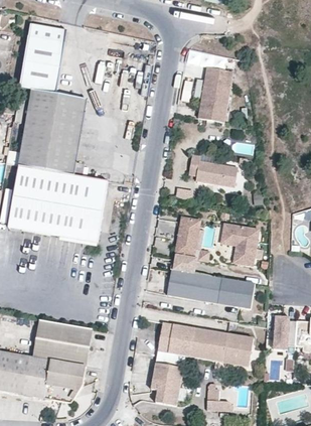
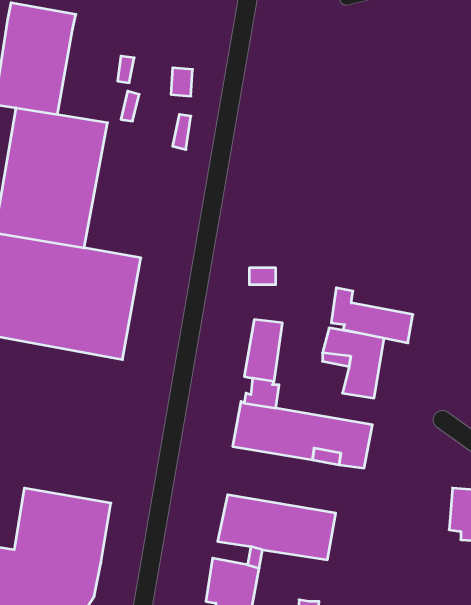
building: [196,67,231,123] -> none
building: [186,152,236,185] -> [331,288,413,343]
building: [273,315,297,348] -> none
building: [221,334,253,367] -> none

